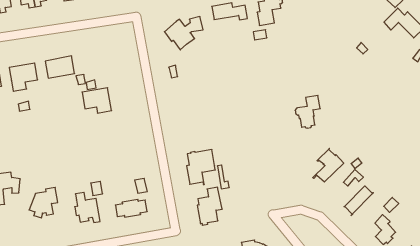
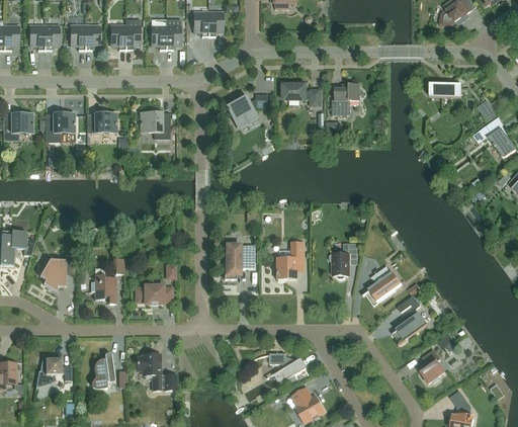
building: [82,88,112,113] -> [141,112,170,139]
building: [295,95,320,128] -> [329,243,357,277]
building: [197,187,222,225] -> [276,241,304,280]

